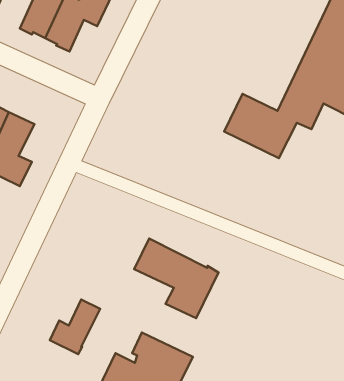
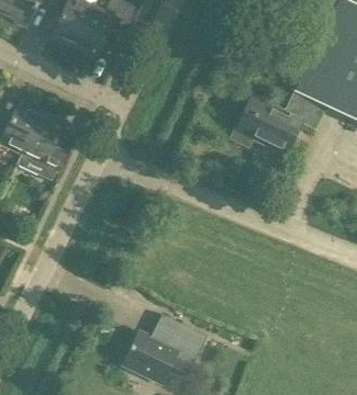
building: [134,238,218,318] -> none
building: [50,299,100,354] -> none

